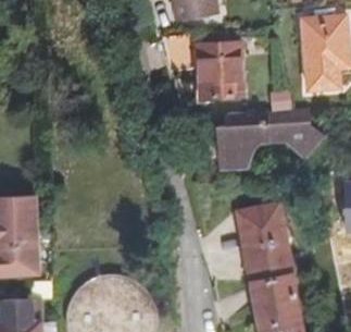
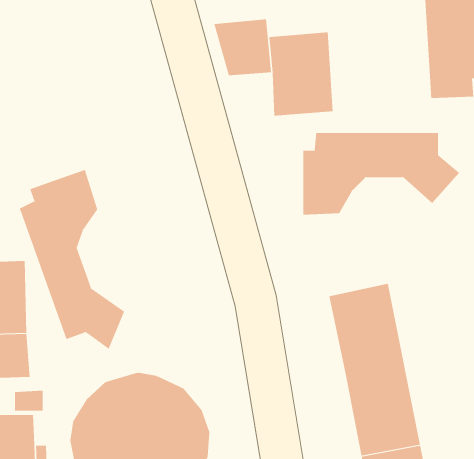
building: none -> [19,169,125,350]

